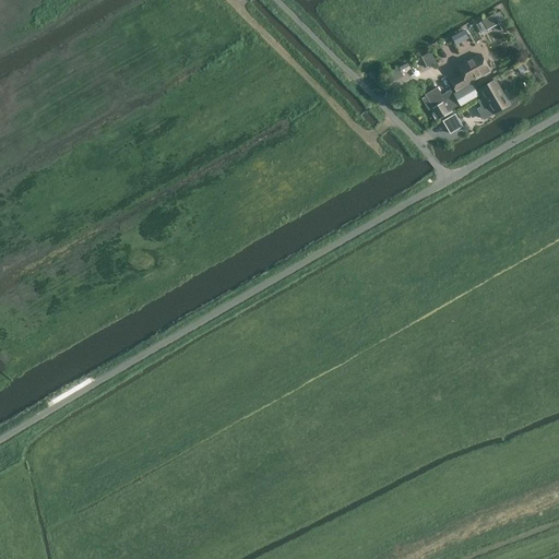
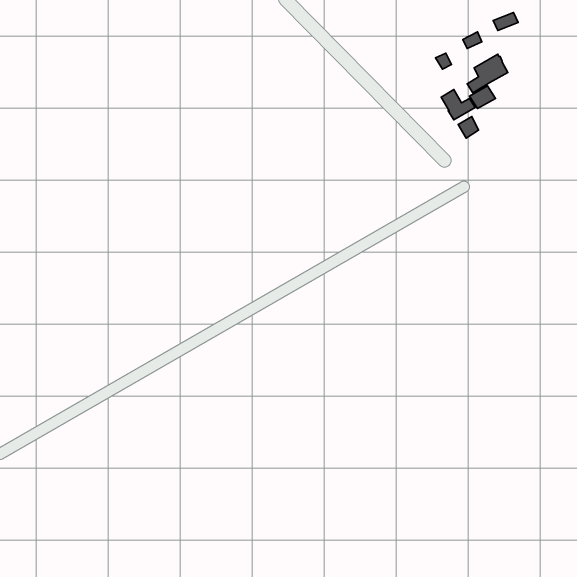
building: [478,76,510,112] -> none

